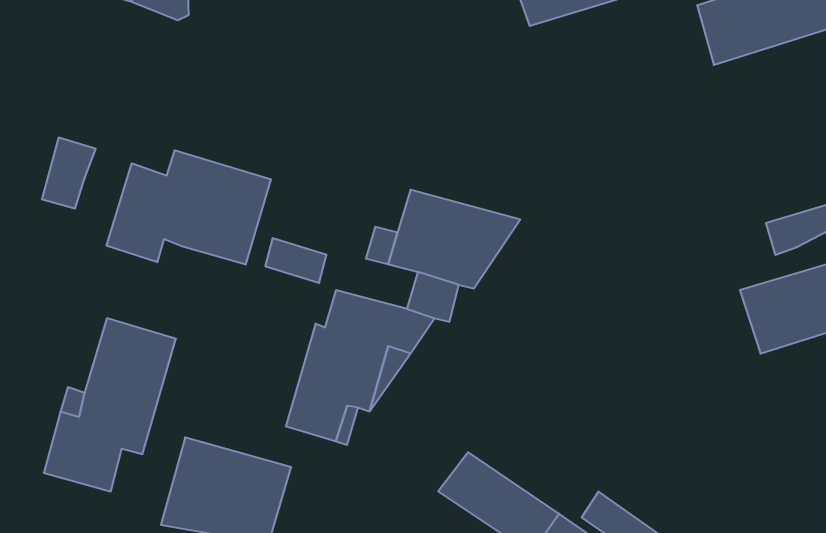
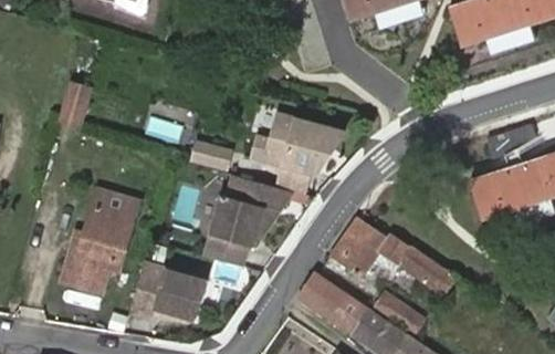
building: [107,150,271,265] -> none
building: none -> [328,218,459,290]

